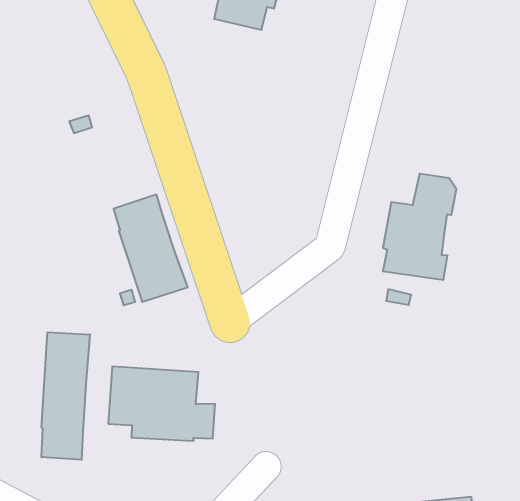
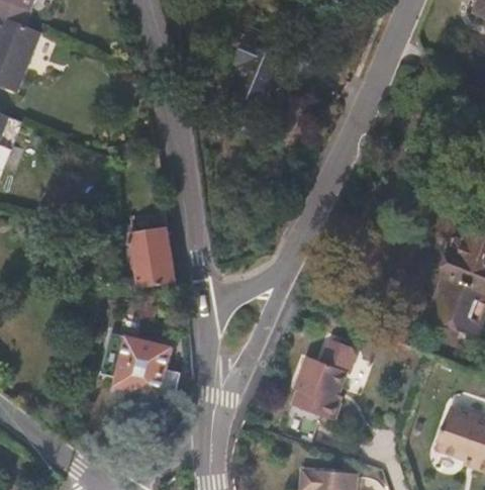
building: [383,174,457,280] -> [291,338,356,419]
building: [41,332,90,460] -> none

